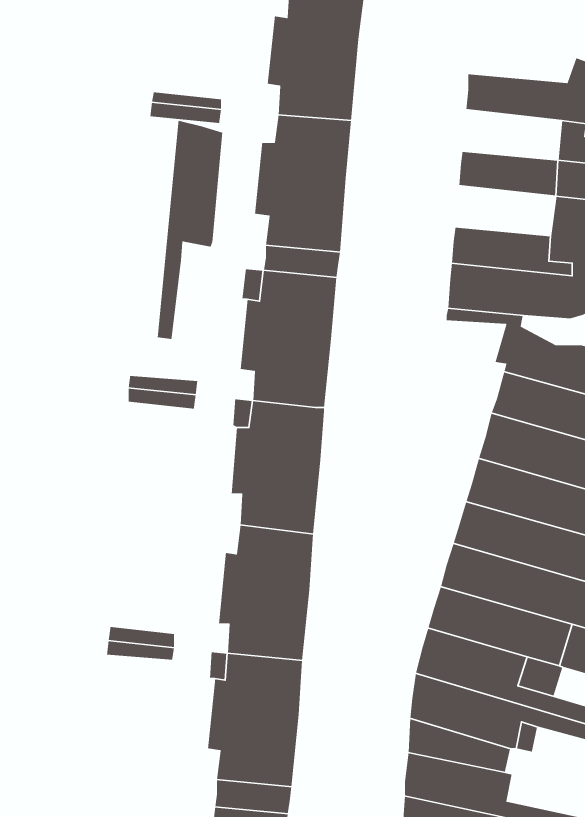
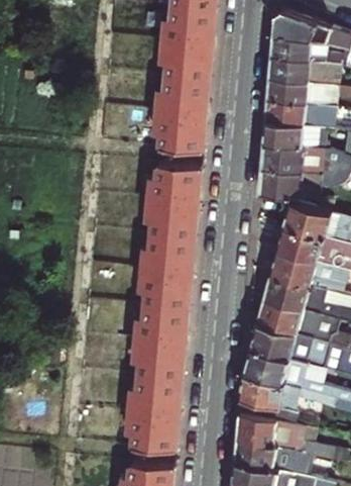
building: none -> [272,16,333,47]
building: none -> [269,63,325,91]
building: [157,120,223,340] -> none
building: none -> [265,105,322,133]

